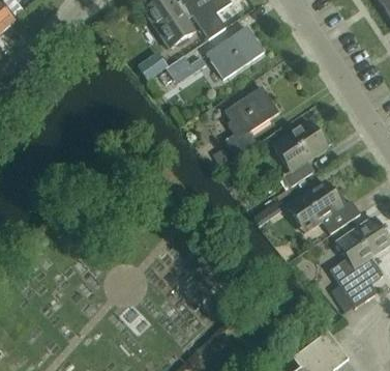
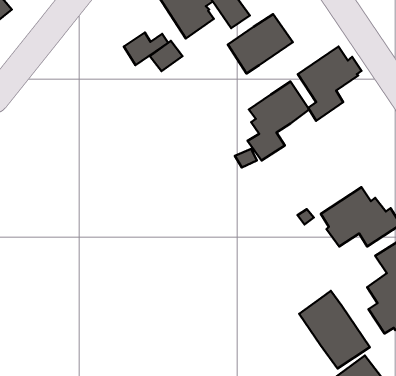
building: [166,54,205,83] -> [124,33,168,65]
building: [273,119,330,186] -> [298,46,362,121]
building: none -> [299,291,370,369]

